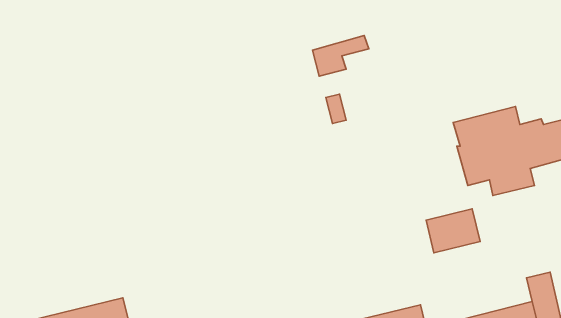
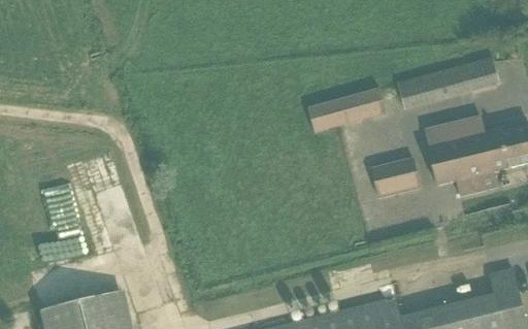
building: [312,35,369,76] -> [333,88,385,125]
building: none -> [399,57,501,109]
building: [426,209,480,253] -> [373,158,423,198]

